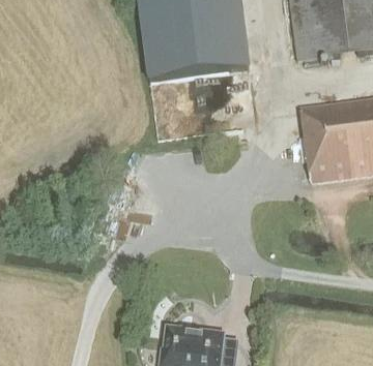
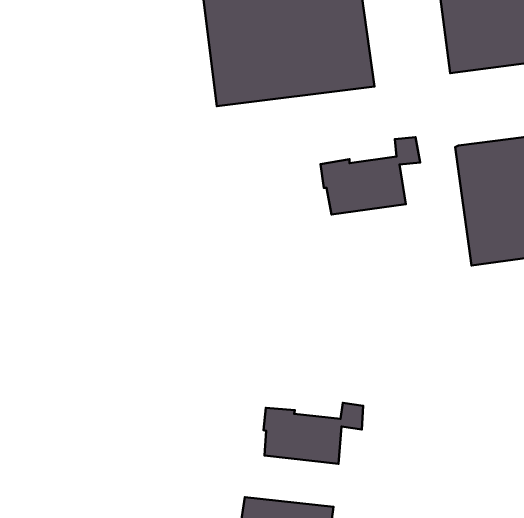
building: none -> [321,137,420,214]
building: none -> [263,403,363,464]

